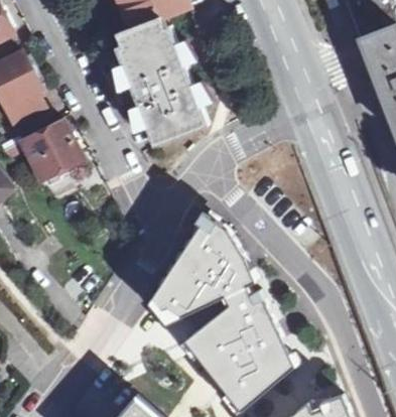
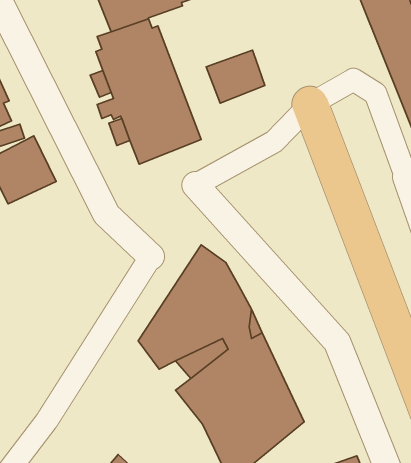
building: none -> [206,50,265,103]

